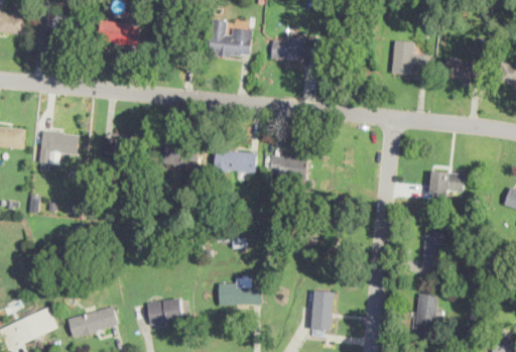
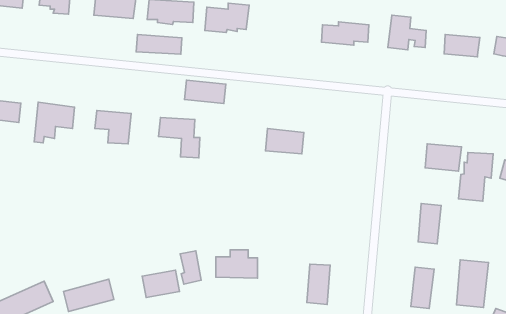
building: [270,39,317,63] -> [321,22,369,45]
building: none -> [136,35,182,54]
building: [214,149,255,172] -> [184,80,226,103]
building: none -> [459,152,493,201]
building: none -> [180,251,201,284]
building: none -> [457,260,489,307]

